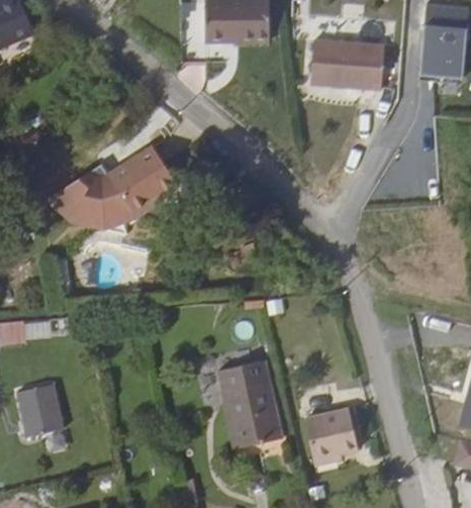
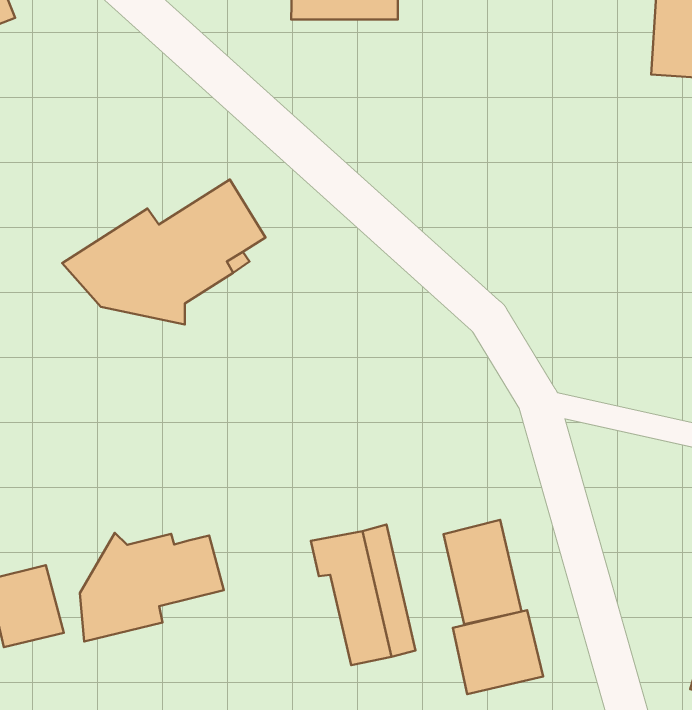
building: [317,40,391,89] -> none
building: none -> [444,520,522,624]
building: none -> [80,533,224,641]

